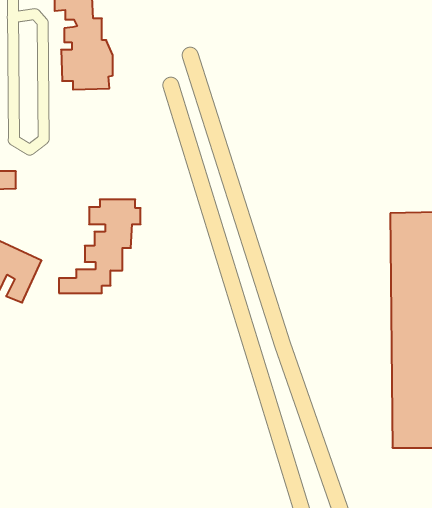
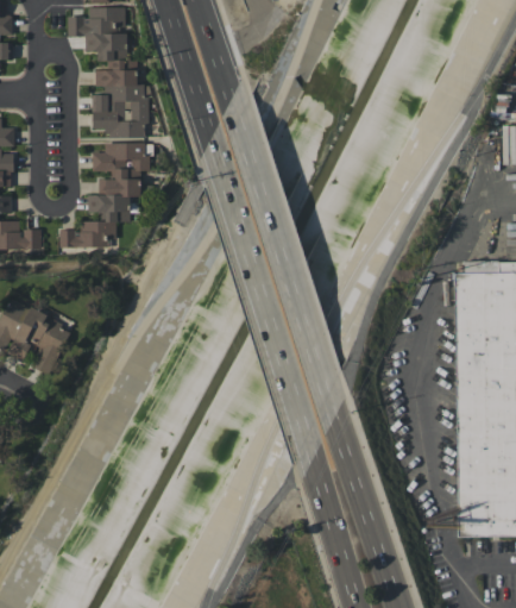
building: [59,199,141,293] -> [59,143,150,246]

